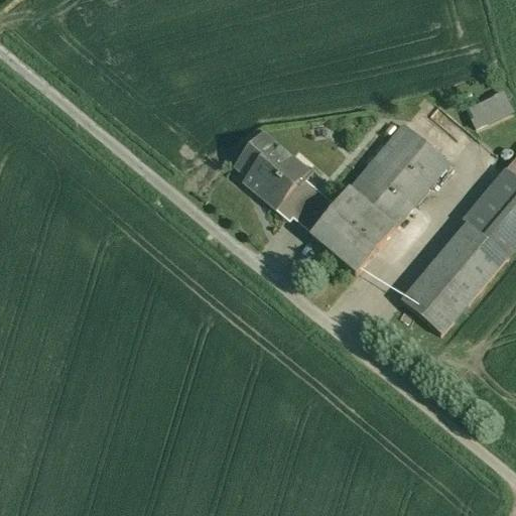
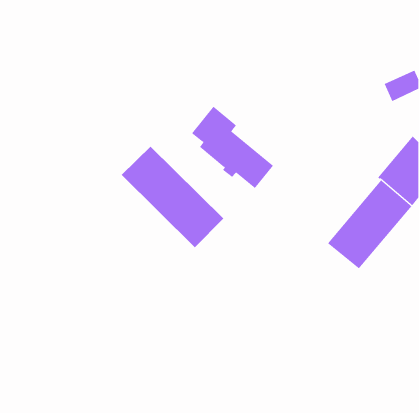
building: [311,122,449,273] -> none
building: none -> [121,146,224,249]

